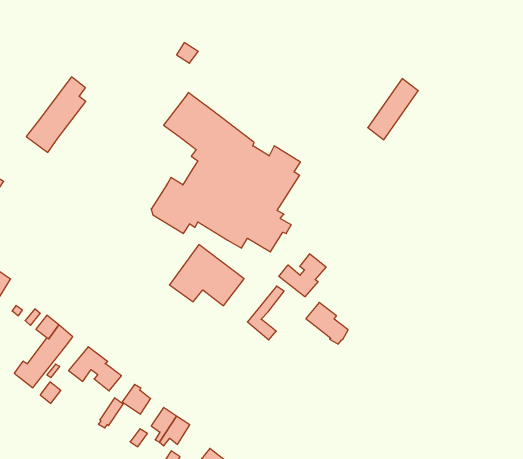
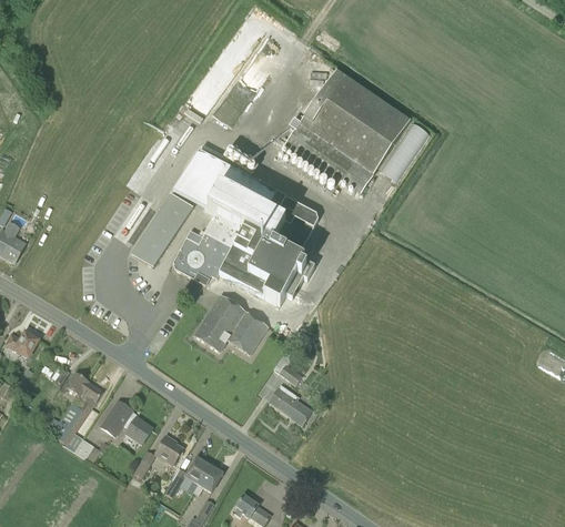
building: none -> [282,70,408,184]
building: [26,77,86,152] -> [131,192,188,267]
building: [279,254,326,297] -> none
building: [306,302,348,344] -> [269,385,311,425]

